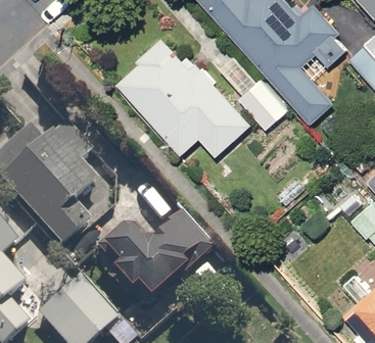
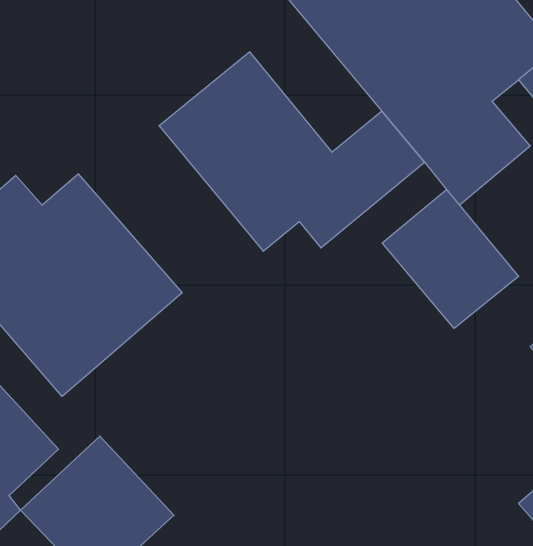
building: none -> [382,190,519,328]
building: [88,216,213,320] -> none

